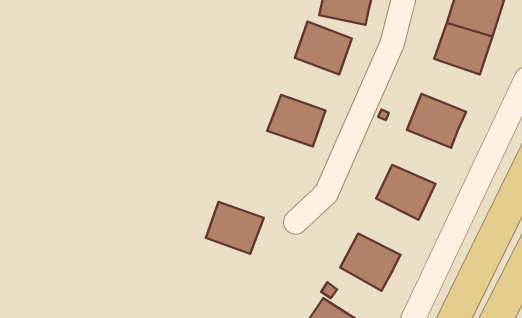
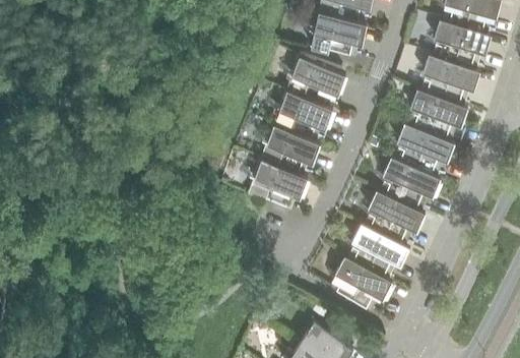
building: none -> [275,87,331,138]
building: none -> [410,88,466,139]
building: none -> [382,157,439,208]
building: none -> [349,223,407,277]
building: [206,202,264,254] -> [250,158,306,207]

